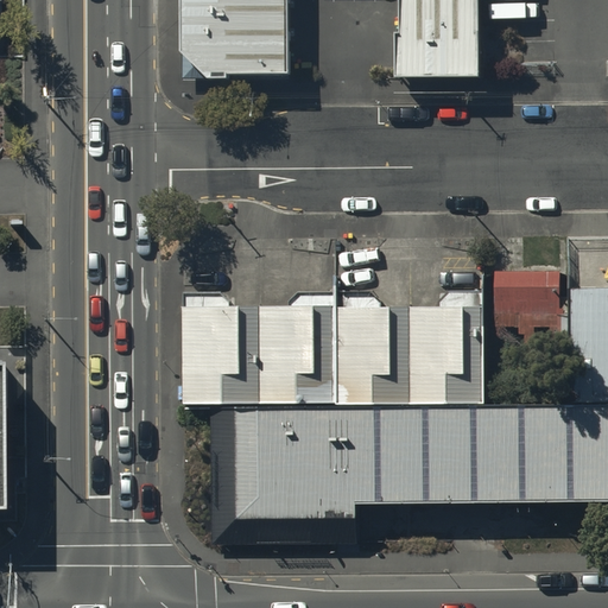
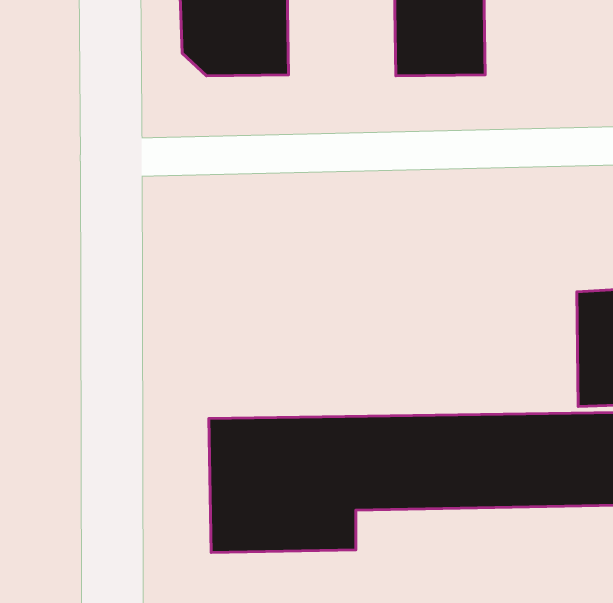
building: [495,270,563,350] -> none
building: [183,305,329,403] -> none
building: [336,305,482,401] -> none

